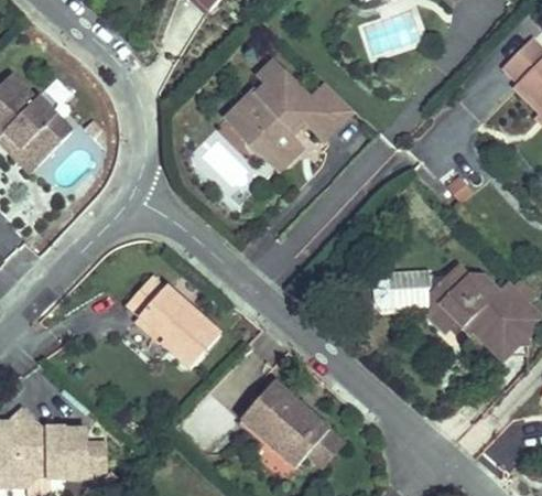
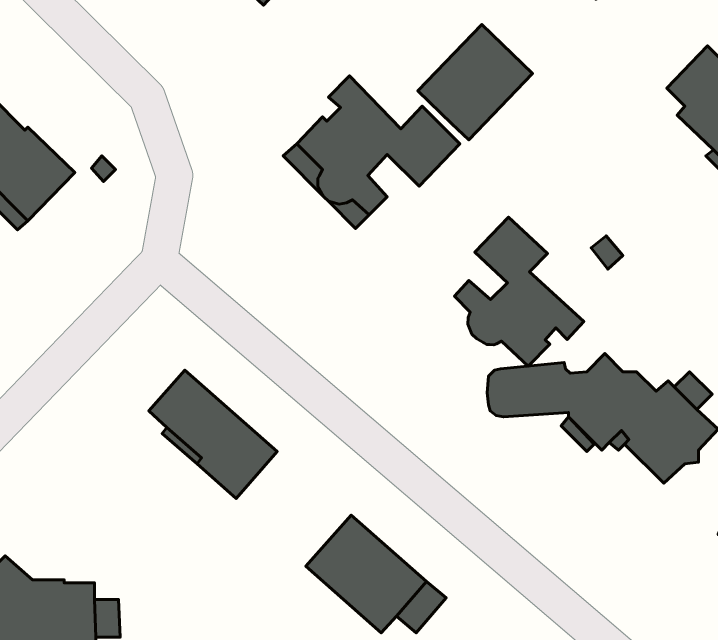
building: none -> [418,25,533,140]
building: none -> [454,217,584,366]

